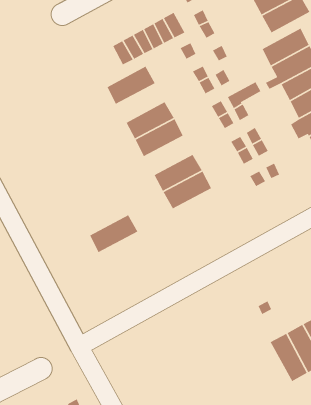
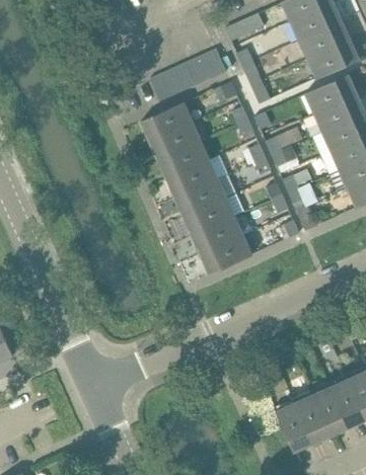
building: none -> [149,123,201,161]
building: none -> [174,179,226,218]
building: [89,214,138,253] -> [201,236,252,274]
building: none -> [274,400,312,452]

